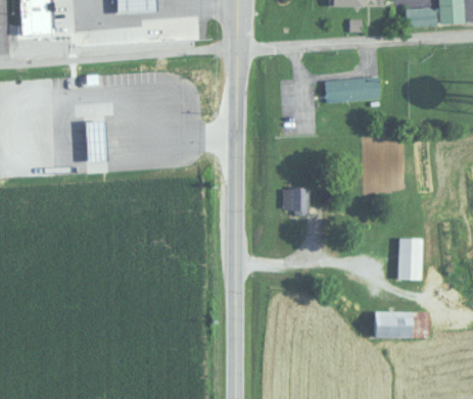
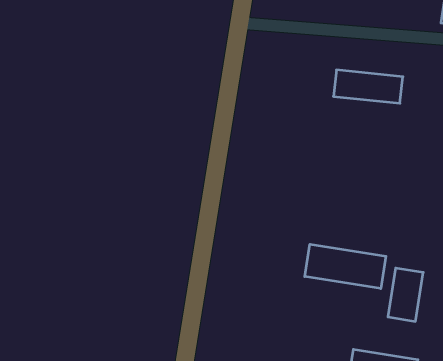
building: [282,188,308,215] -> none
building: none -> [305,244,386,289]

